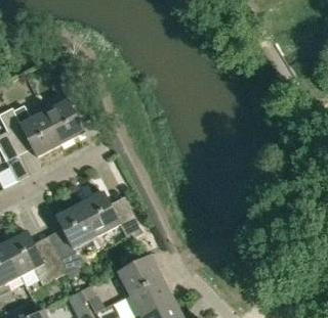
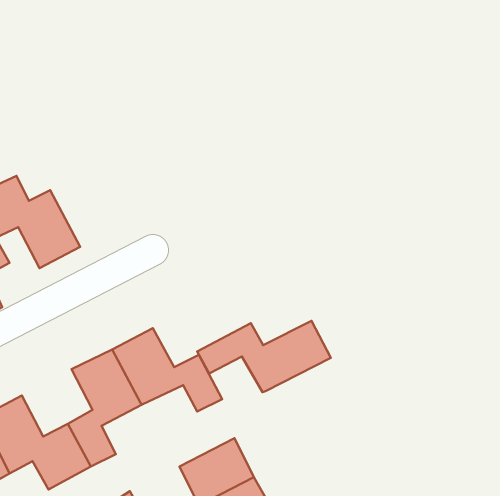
building: [43,76,84,143] -> none
building: none -> [197,321,331,392]

